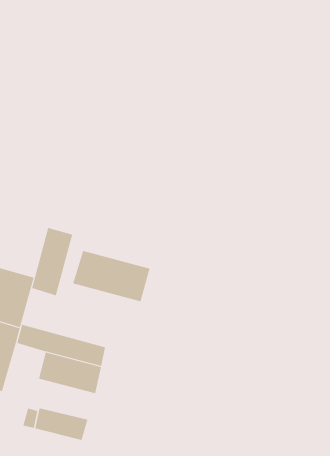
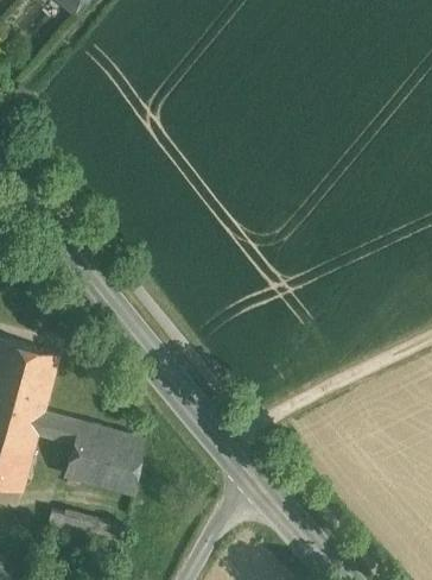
building: [31,227,73,296] -> none
building: [72,250,150,302] -> none

